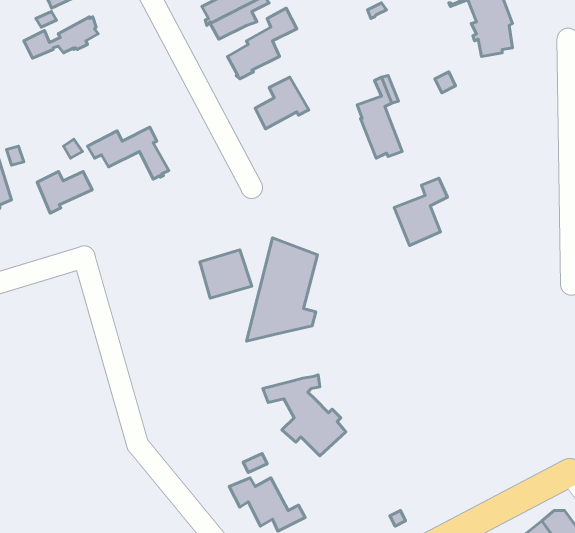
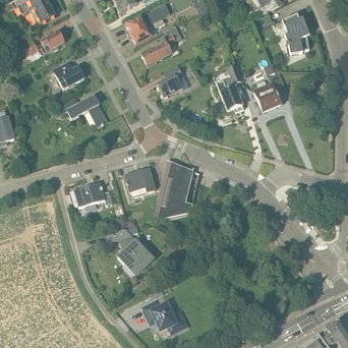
building: none -> [54,62,84,88]
building: [37,172,92,213] -> none
building: [394,178,448,246] -> [253,71,285,111]
building: none -> [73,180,113,207]
building: [263,375,346,456] -> [106,224,155,272]

